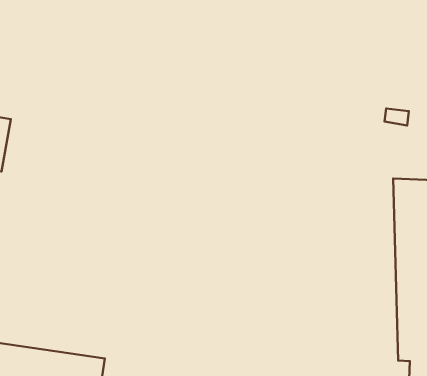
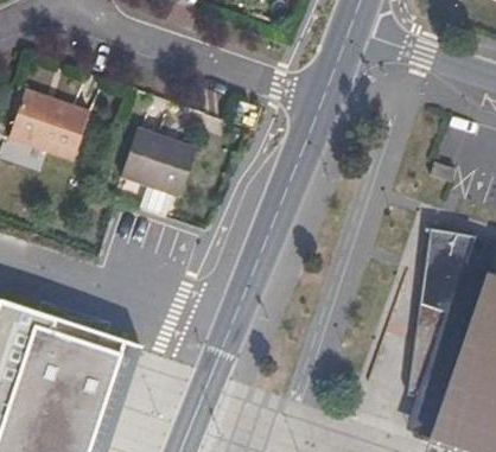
building: none -> [125,129,201,216]

